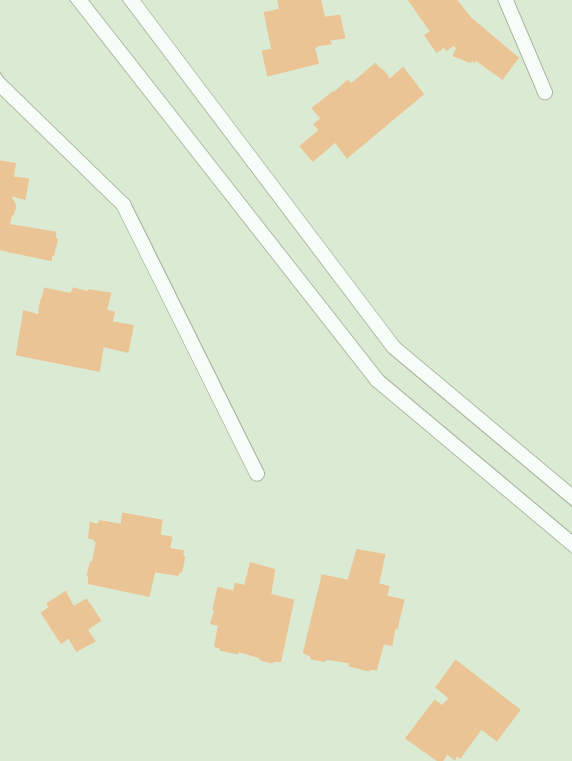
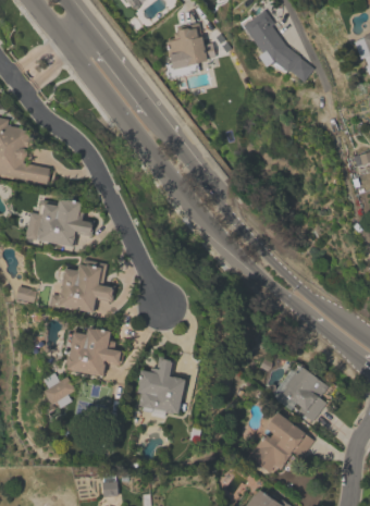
building: [298,61,425,163] -> none
building: none -> [49,259,114,313]
building: [302,548,405,673] -> none
building: none -> [282,367,328,421]

